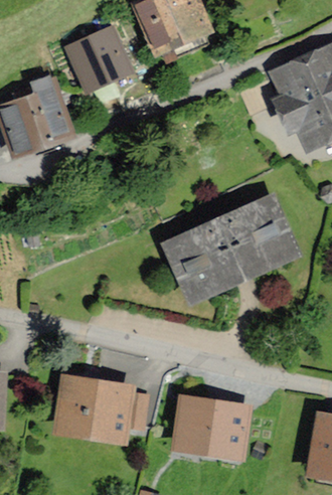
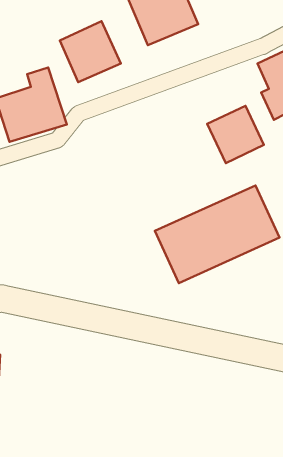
building: none -> [207,106,264,163]
building: [53,375,147,441] -> none
building: [173,396,247,457] -> none

